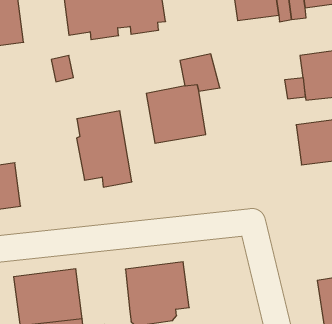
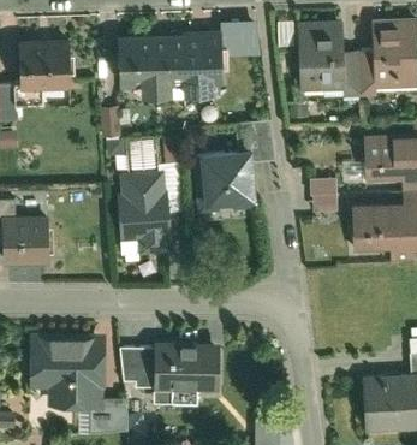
building: none -> [312,174,340,209]
building: none -> [120,350,154,388]

